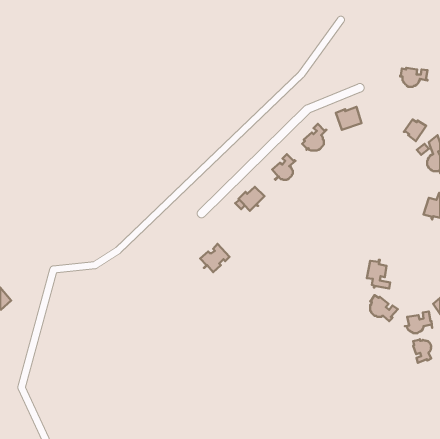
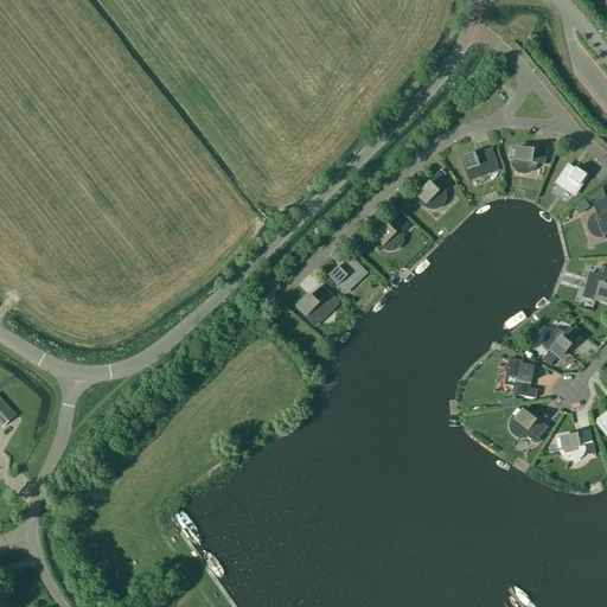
building: [400,68,428,87] -> [509,146,547,172]
building: none -> [542,324,581,365]
building: [200,244,230,272] -> [298,283,338,322]
building: [413,339,431,363] -> none

